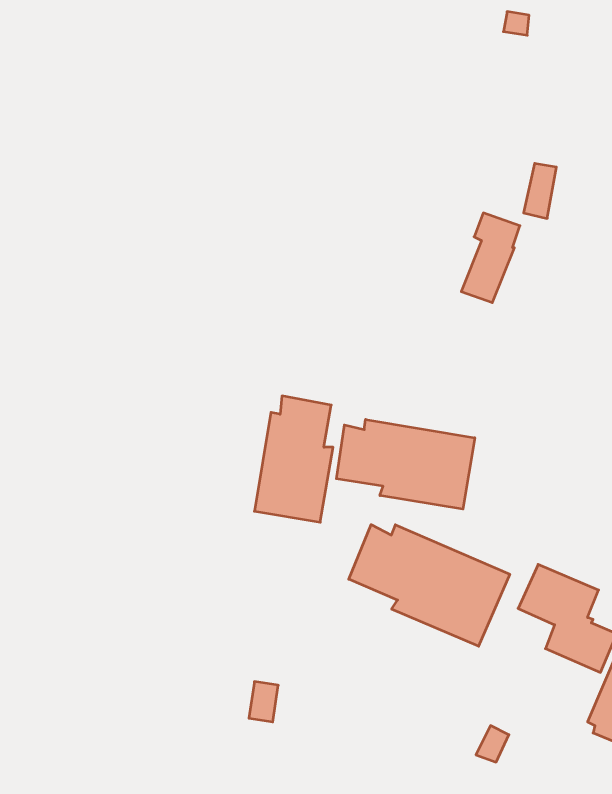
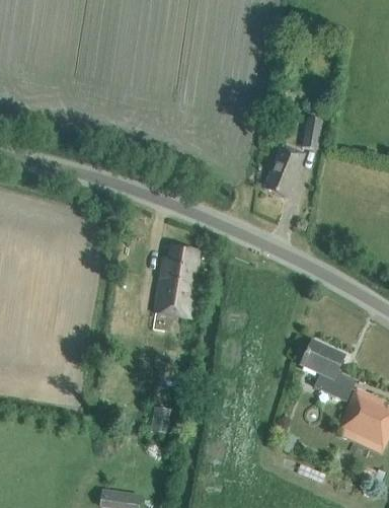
building: [336,419,475,509] -> none
building: [349,525,510,646] -> none

